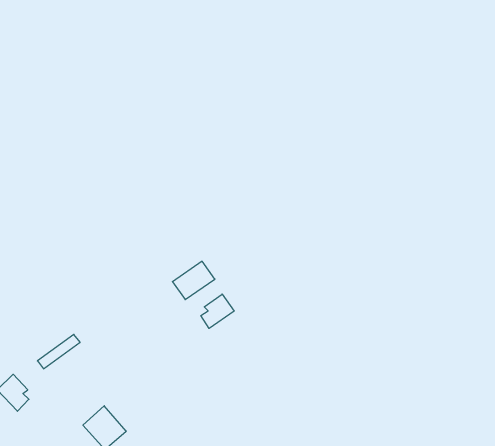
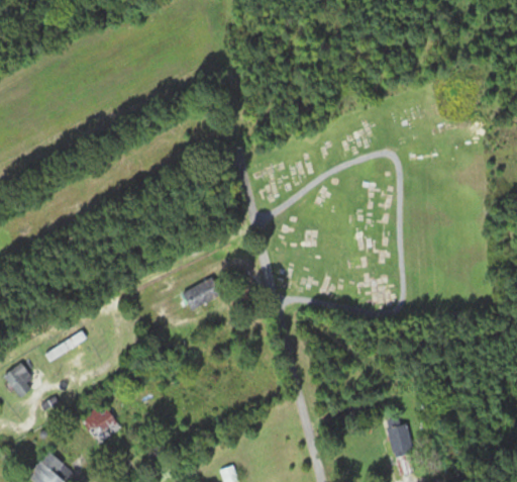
building: [201,294,234,328] -> none
building: none -> [390,425,410,454]

